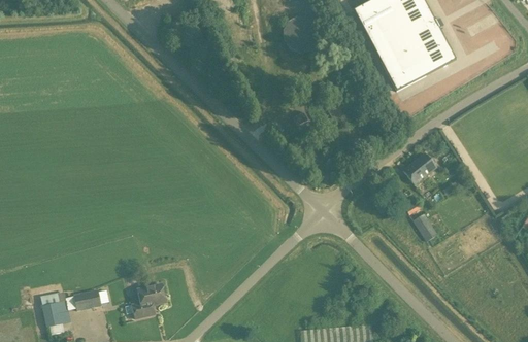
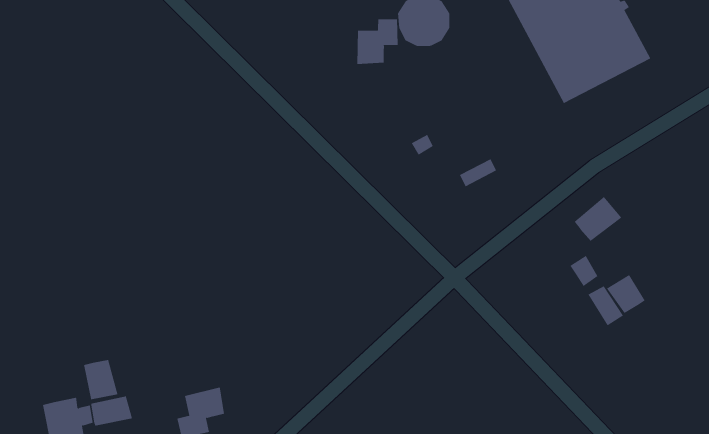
building: none -> [357,18,398,65]
building: none -> [606,274,646,314]
building: none -> [83,359,118,400]

